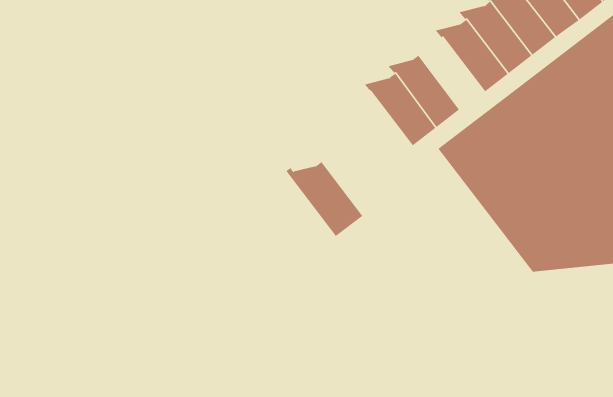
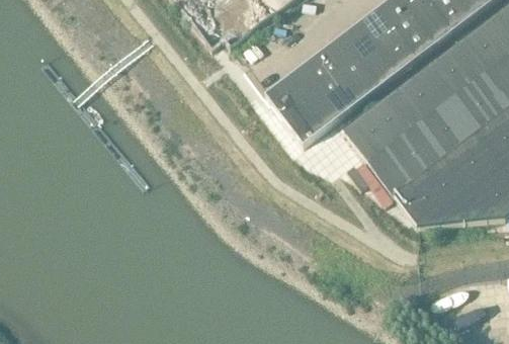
building: none -> [323,41,379,97]
building: [286,161,363,237] -> [264,83,324,142]

